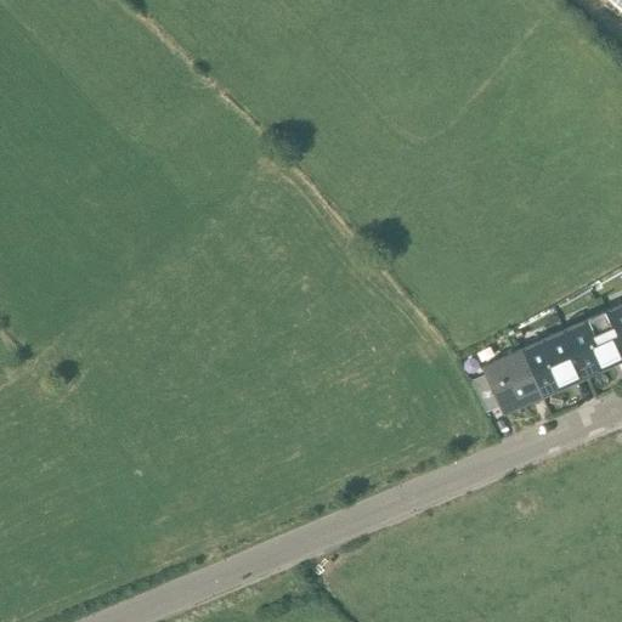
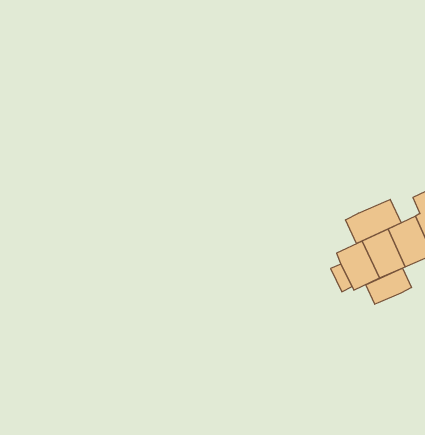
building: none -> [346,199,401,243]
building: none -> [366,268,411,304]

